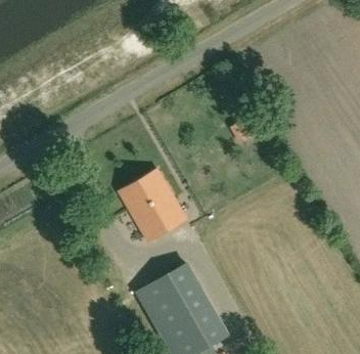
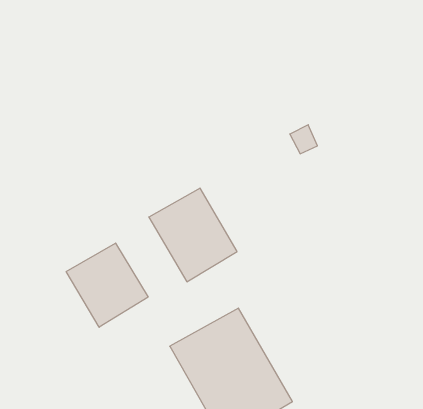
building: none -> [66,243,148,327]

